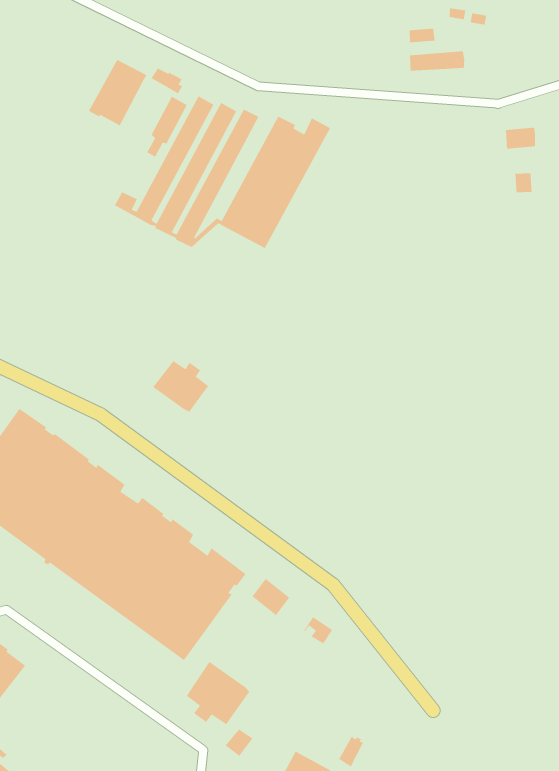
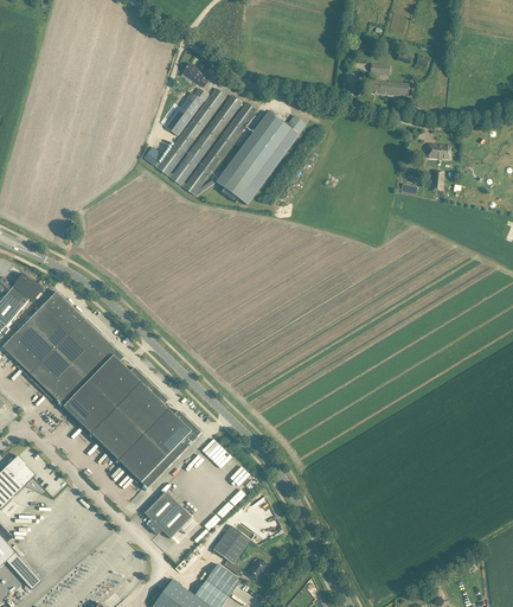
building: [88,59,148,127] -> none
building: [152,360,209,413] -> none
building: none -> [212,525,249,563]

